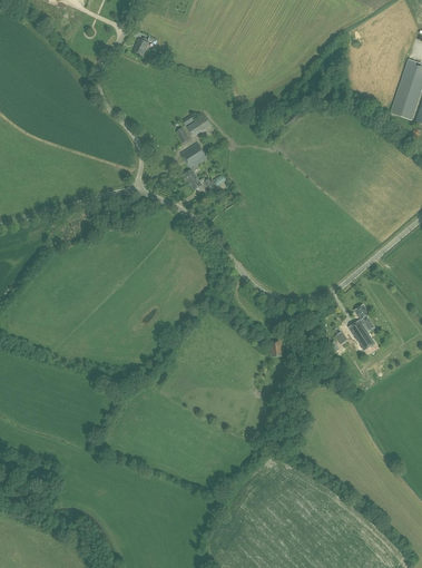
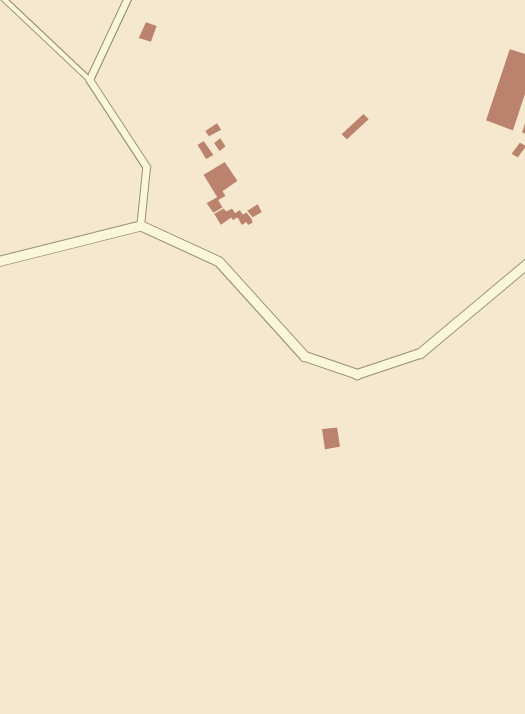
building: [347,304,374,350] -> none

